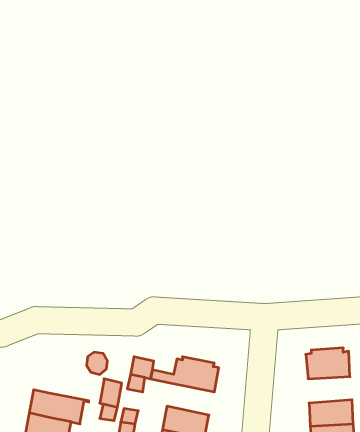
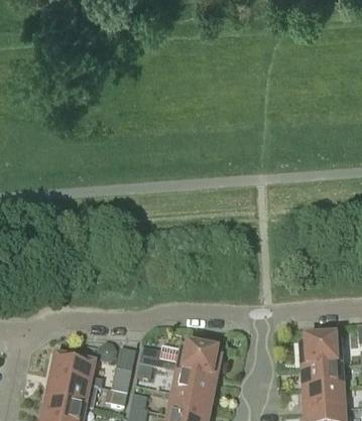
building: none -> [50,353,103,385]
building: none -> [301,363,342,387]
building: none -> [172,369,216,398]

